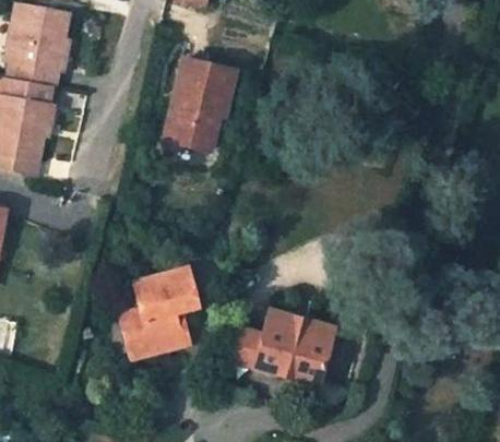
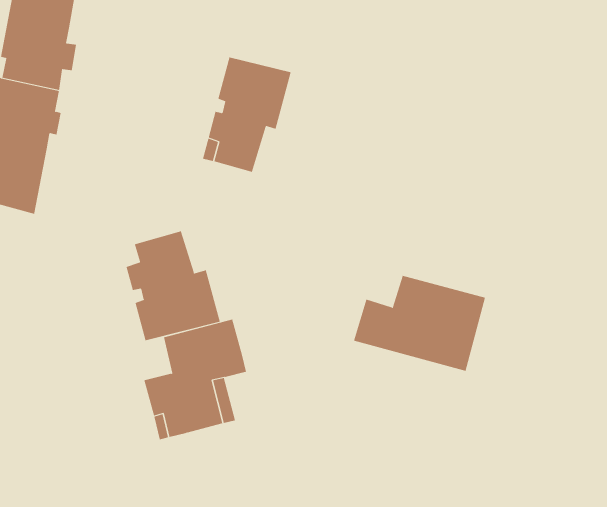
building: none -> [126,231,221,341]
building: [234,310,337,385] -> [353,275,486,371]

